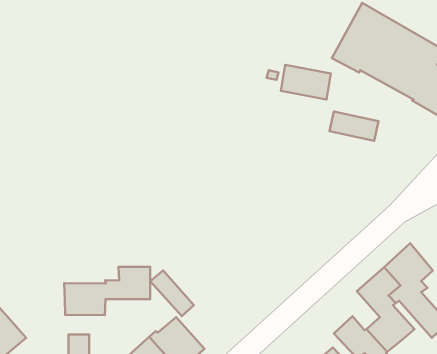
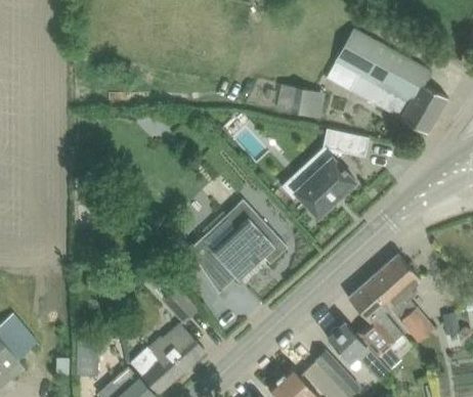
building: none -> [282,159,355,218]
building: none -> [189,201,287,293]
building: [64,267,150,315] -> none

